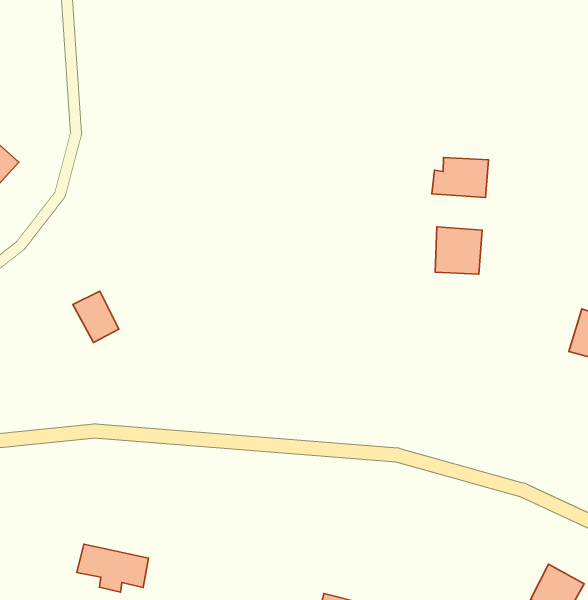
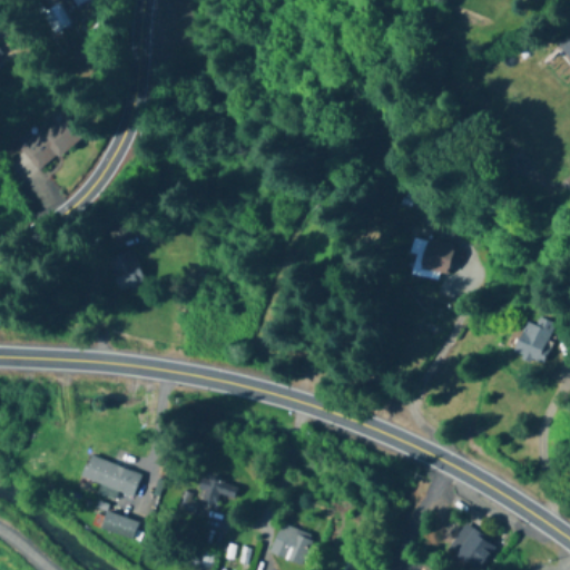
building: [432,158,489,198] -> none
building: none -> [194,474,238,507]

